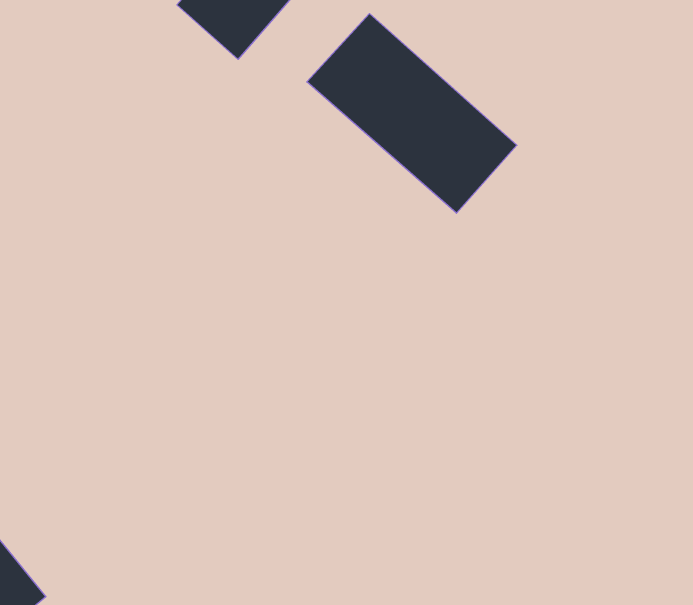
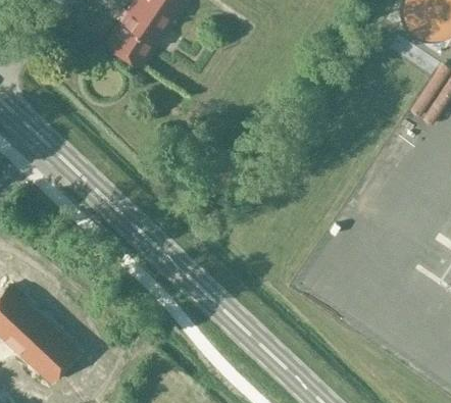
building: [307,14,517,213] -> none

